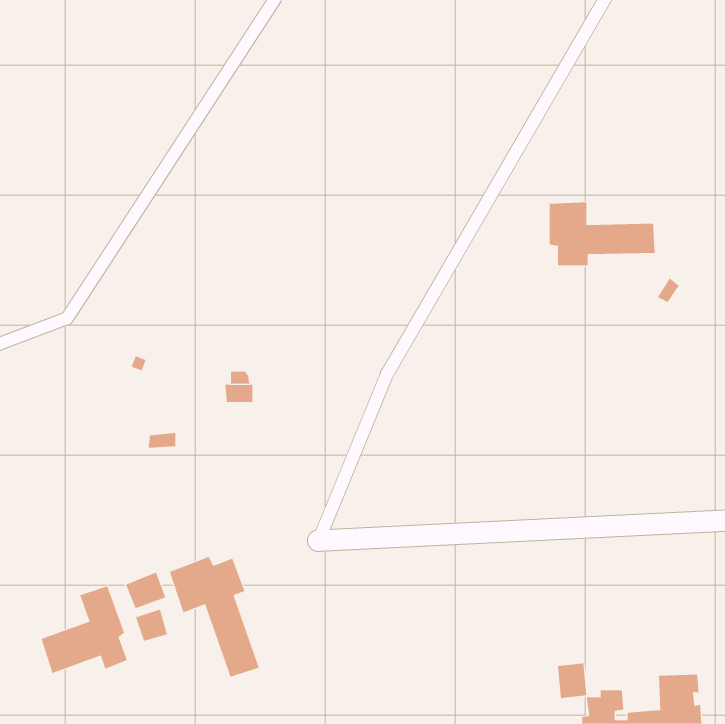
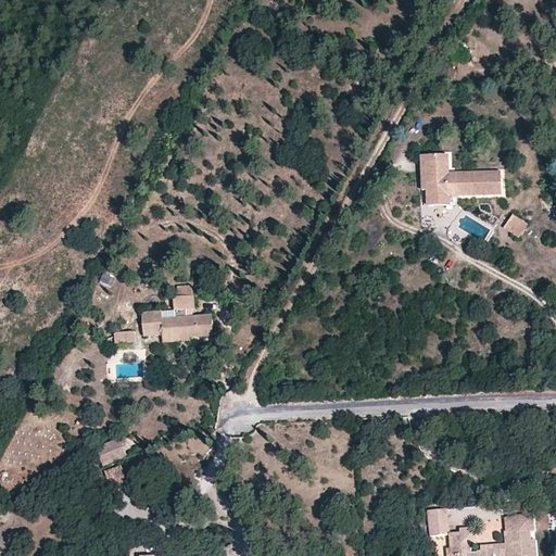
building: none -> [141,309,214,341]
building: [169,556,259,678] -> none
building: [41,585,127,674] -> none

